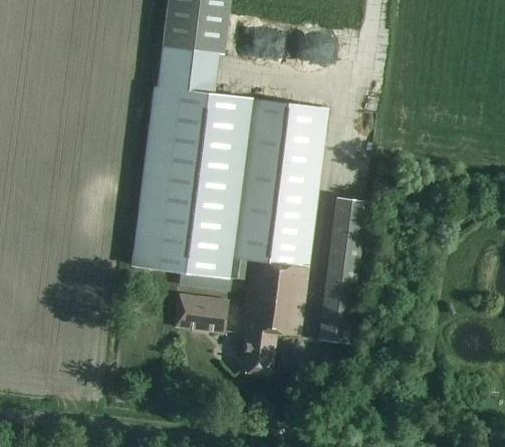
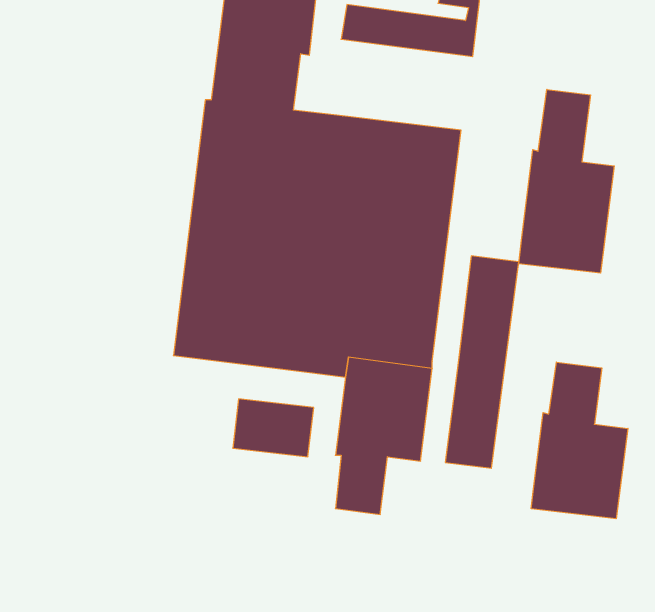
building: none -> [519,89,614,273]
building: none -> [531,362,628,519]

